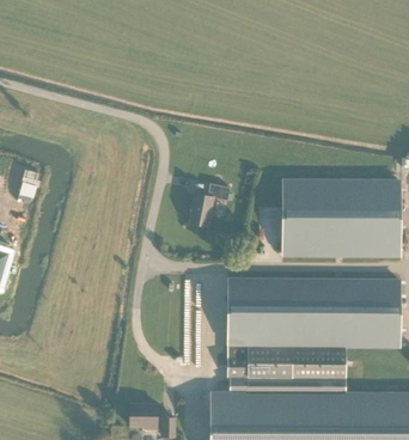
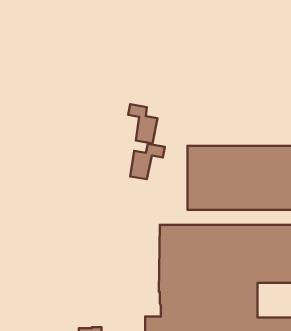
building: none -> [128,104,158,143]

